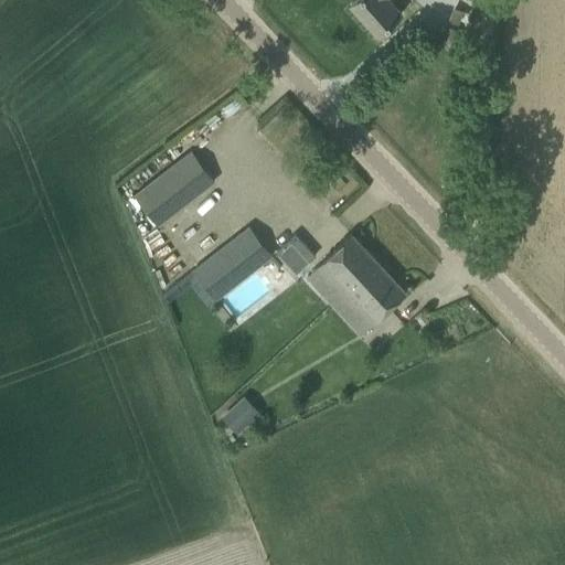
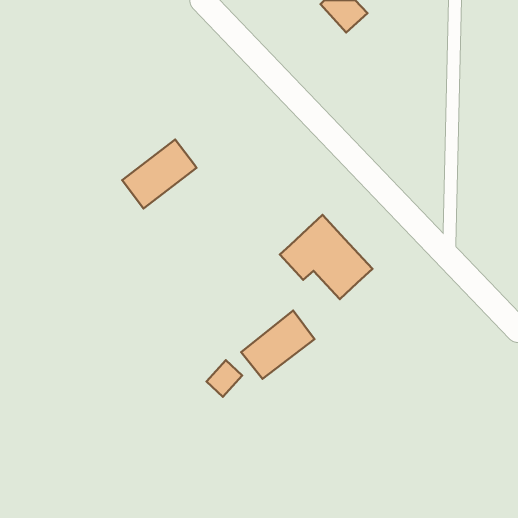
building: [192,230,271,303] -> [241,311,314,379]
building: [279,234,318,273] -> none

